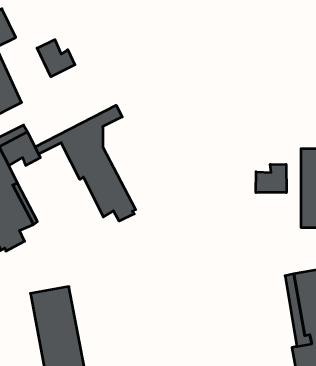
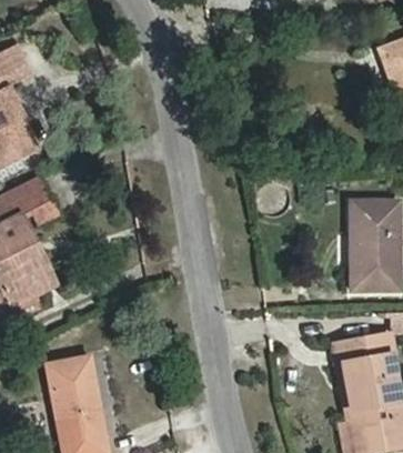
building: [37,40,75,77] -> none
building: [35,105,136,221] -> none
building: [256,164,286,193] -> none

